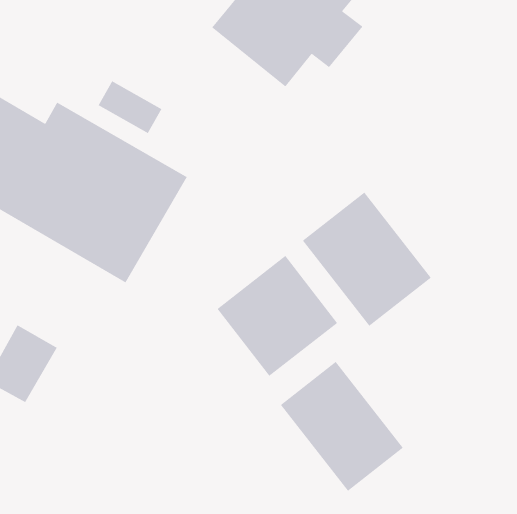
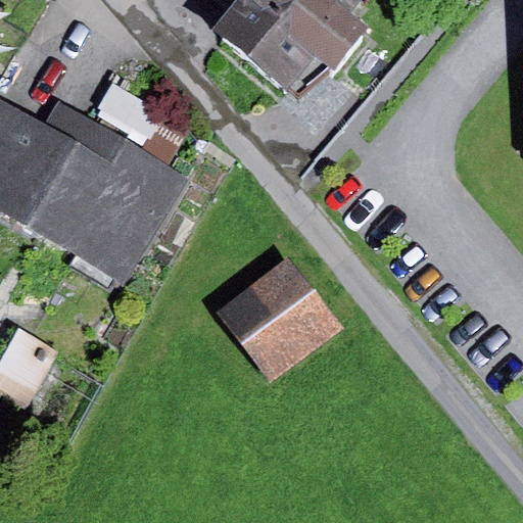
building: [302,192,432,327] -> none
building: [280,361,404,492] -> none

